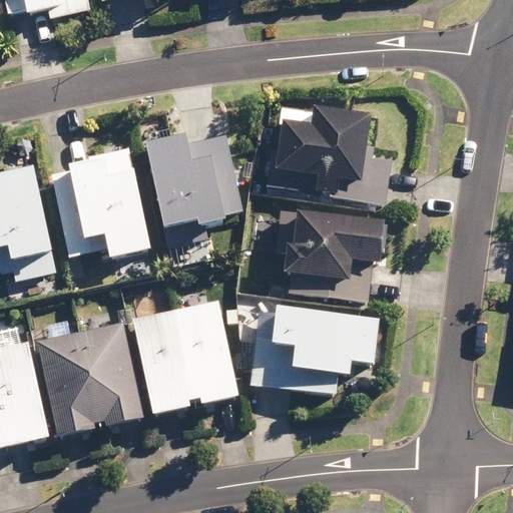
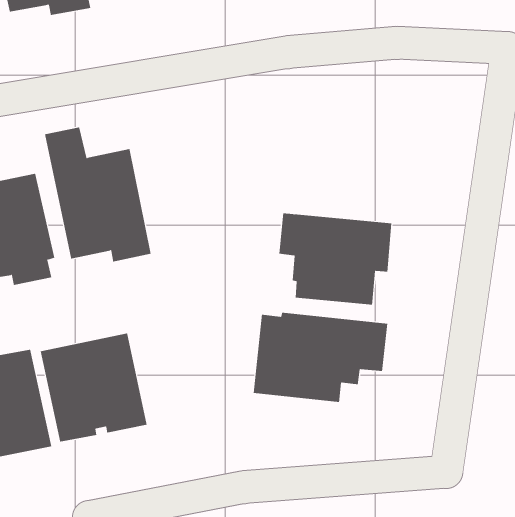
building: [260,103,387,201] -> none
building: [143,131,243,227] -> none
building: [130,301,242,414] -> none

